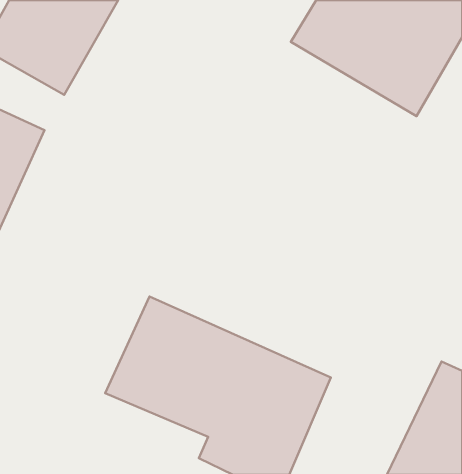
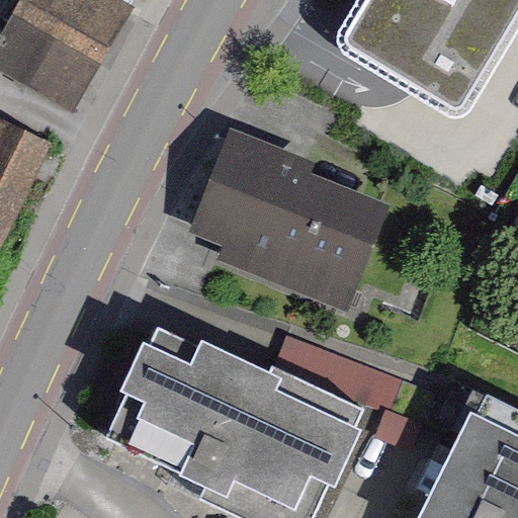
building: none -> [193,130,376,295]

